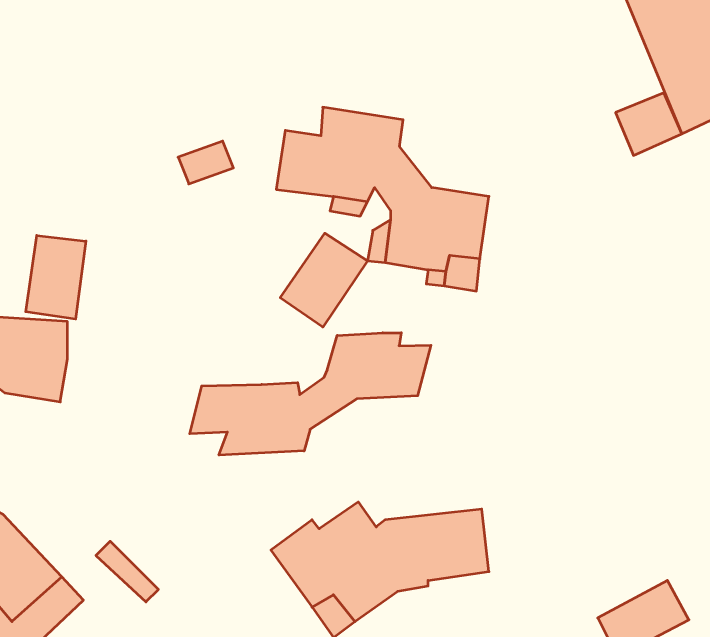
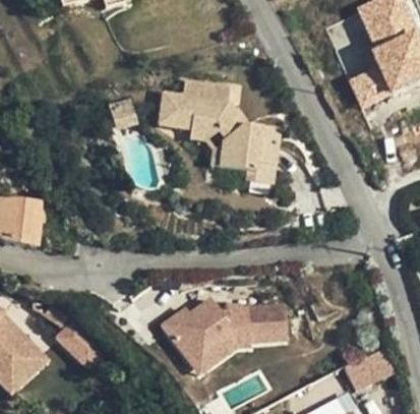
building: [280,233,367,327] -> none
building: [26,235,86,319] -> none
building: [190,333,431,455] -> none

